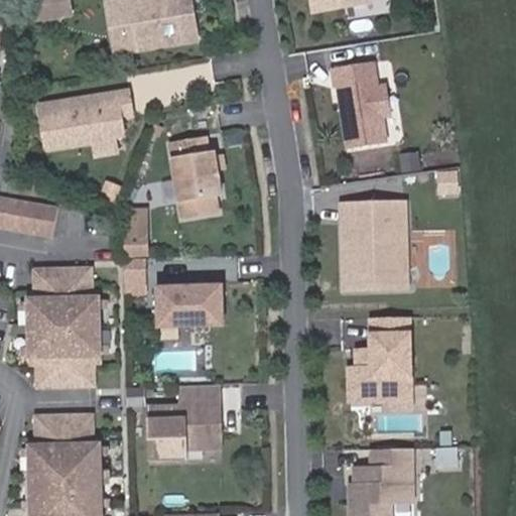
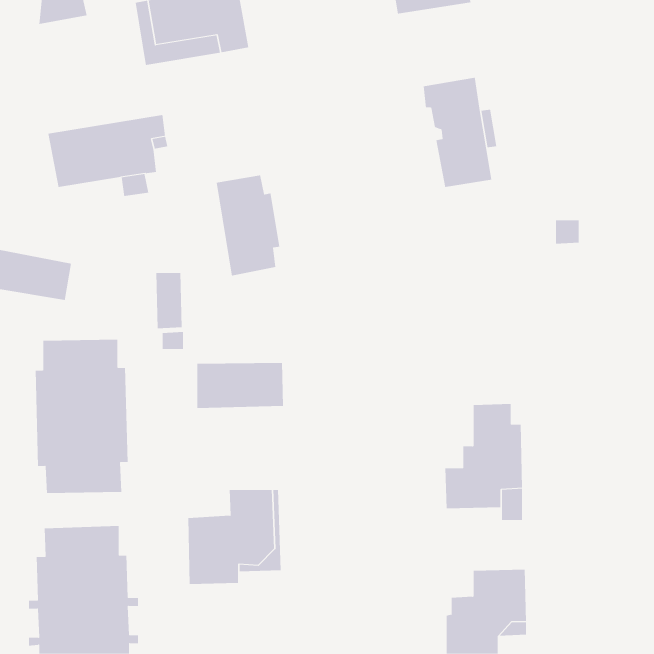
building: [342,200,406,287] -> none

